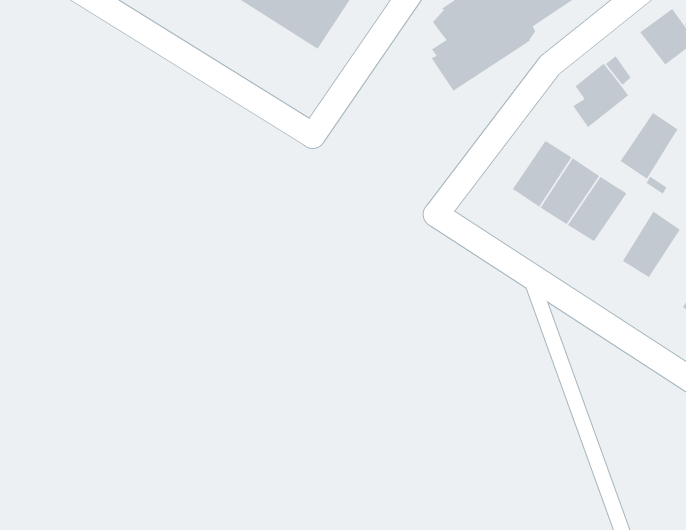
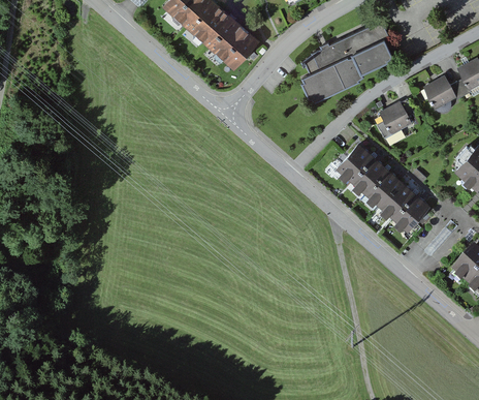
building: [620,112,679,180] -> [379,180,416,219]

